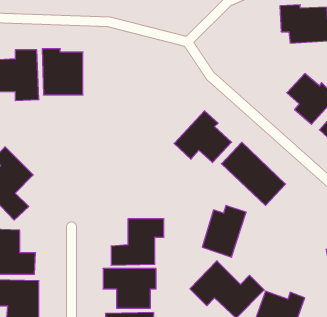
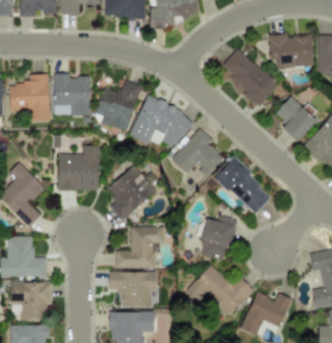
building: none -> [218,49,278,104]
building: none -> [93,79,141,131]
building: none -> [130,96,190,152]
building: none -> [58,146,99,191]
building: none -> [106,166,156,221]

